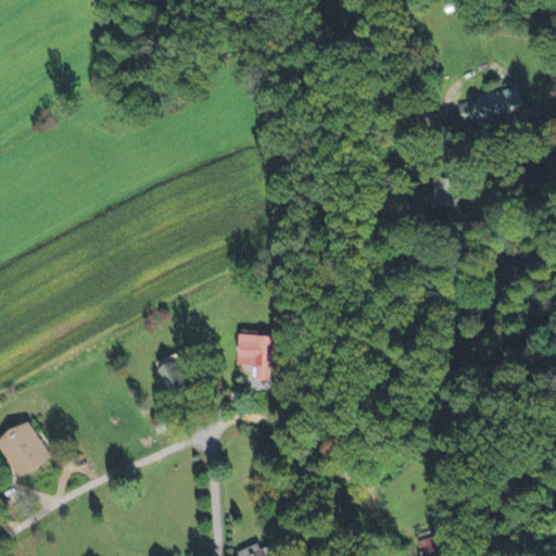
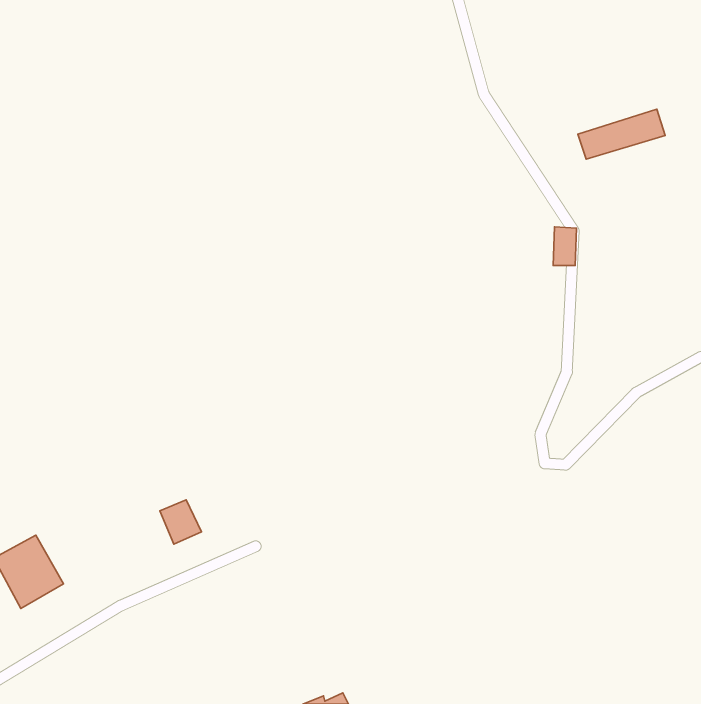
building: [236,334,271,380] -> none
building: [157,359,190,394] -> [160,500,201,544]

